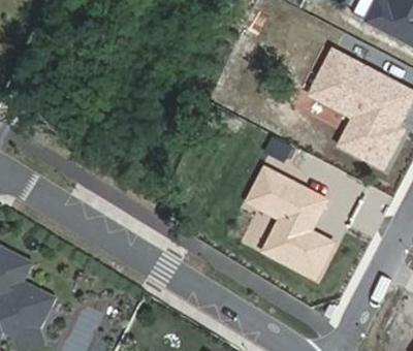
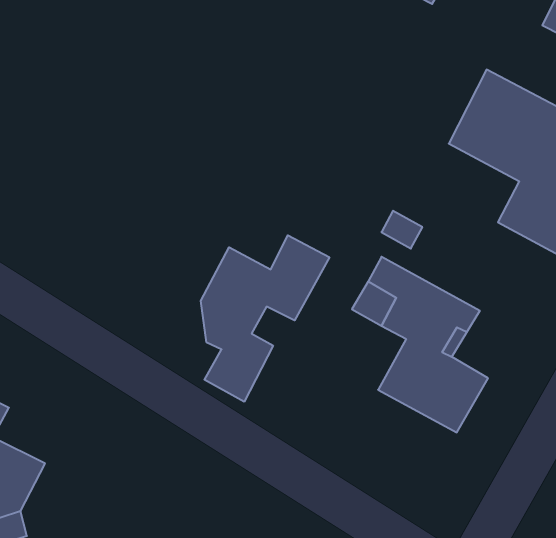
building: none -> [201,235,329,402]

